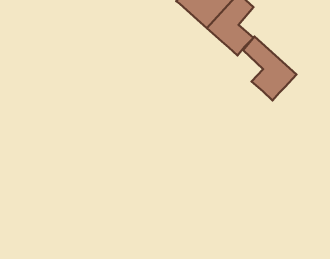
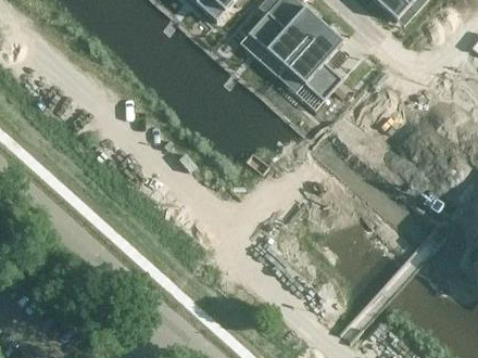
building: [243,37,296,101] -> none

